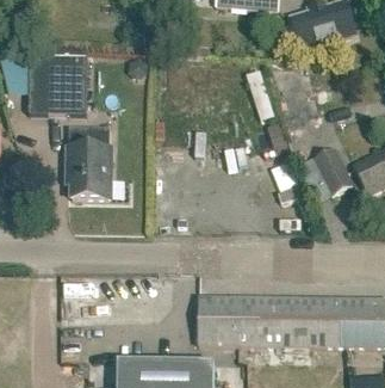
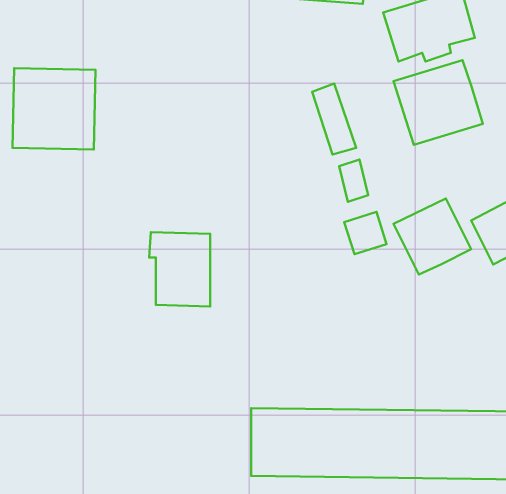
building: none -> [393,60,483,145]
building: [68,146,111,198] -> [149,232,210,307]

